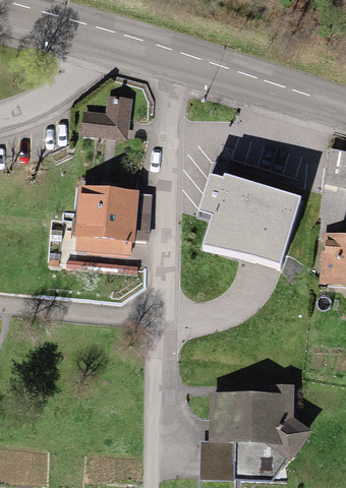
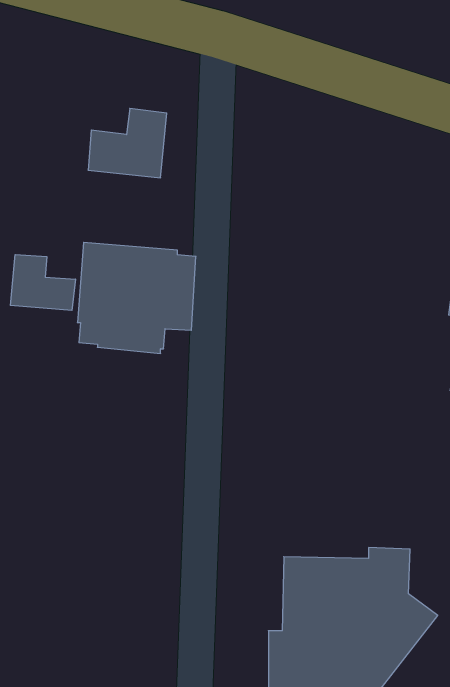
building: [198,174,300,265] -> none
building: none -> [10,255,75,310]

